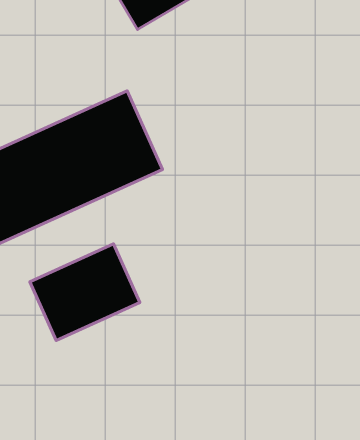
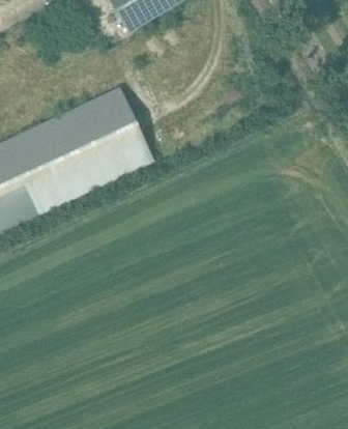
building: [30,244,140,341] -> none

